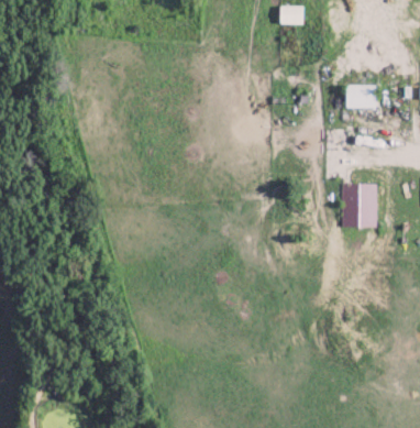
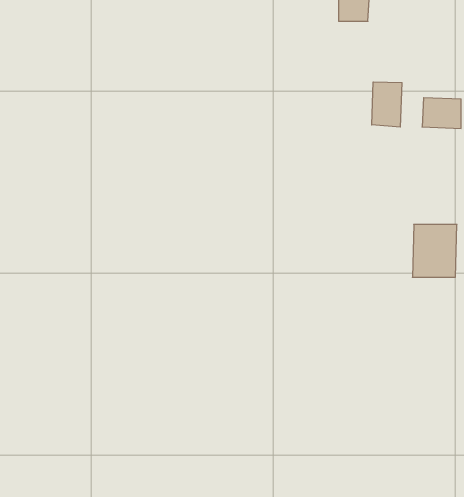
building: none -> [372,82,402,127]

